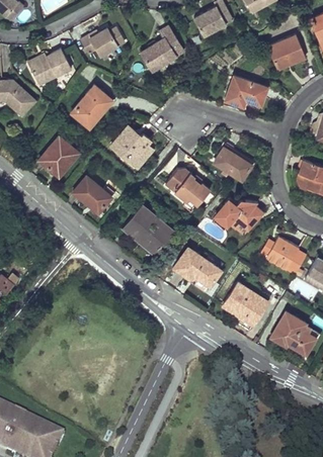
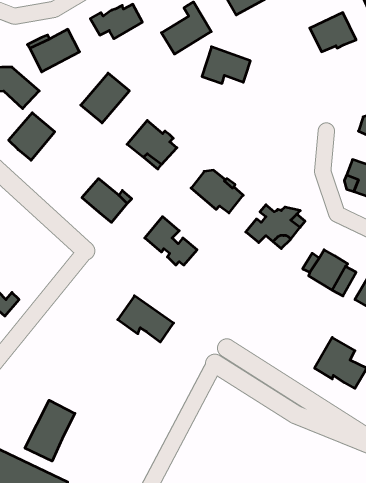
building: [225,76,266,107] -> [202,47,250,83]
building: [38,136,78,177] -> [9,113,55,160]
building: [214,145,253,181] -> none
building: [173,248,221,287] -> [118,296,174,342]
building: [223,283,267,325] -> none
building: none -> [25,400,75,461]

